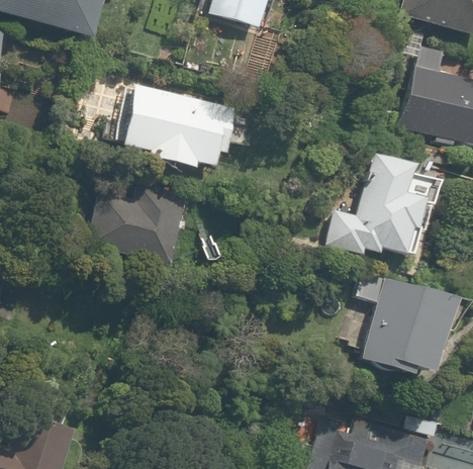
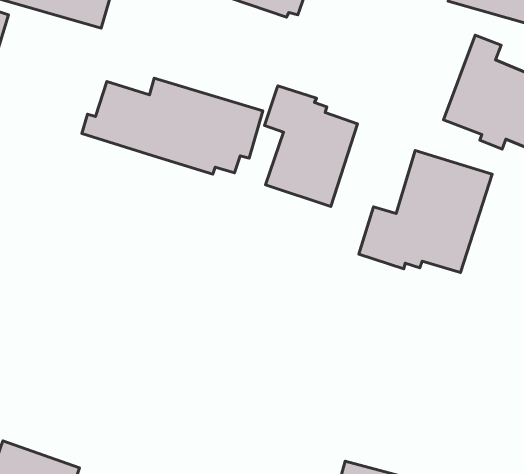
building: none -> [264,86,357,207]
building: [94,174,192,264] -> none
building: [359,267,458,377] -> none

